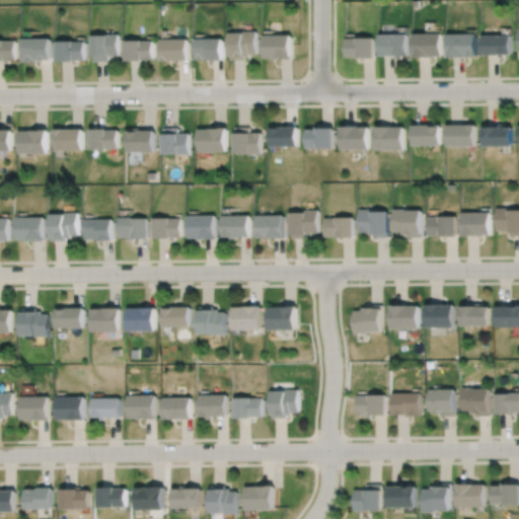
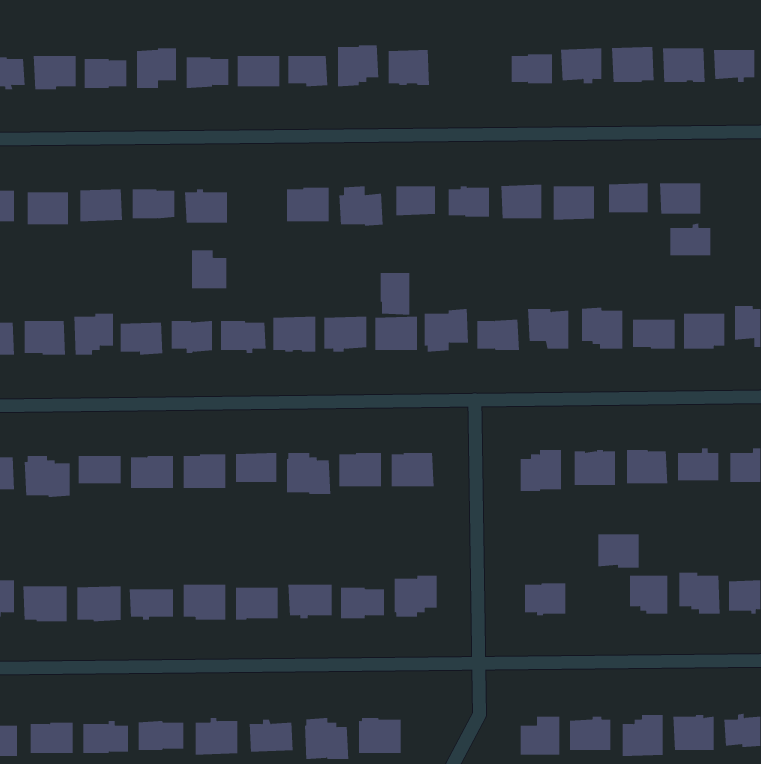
building: [483,124,511,146] -> [669,223,711,256]
building: [162,128,187,154] -> [191,250,227,289]
building: none -> [380,272,410,315]
building: [390,394,419,418] -> [598,534,640,568]

